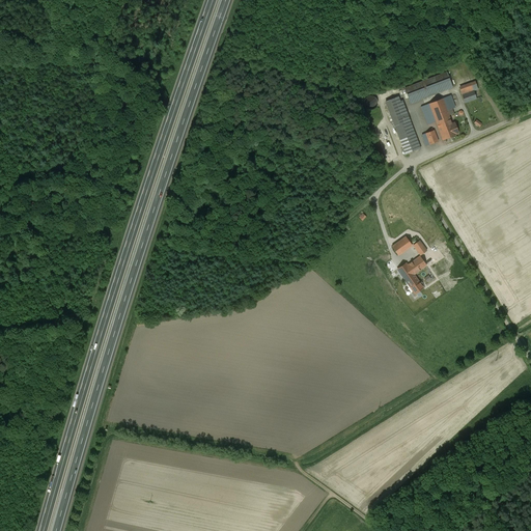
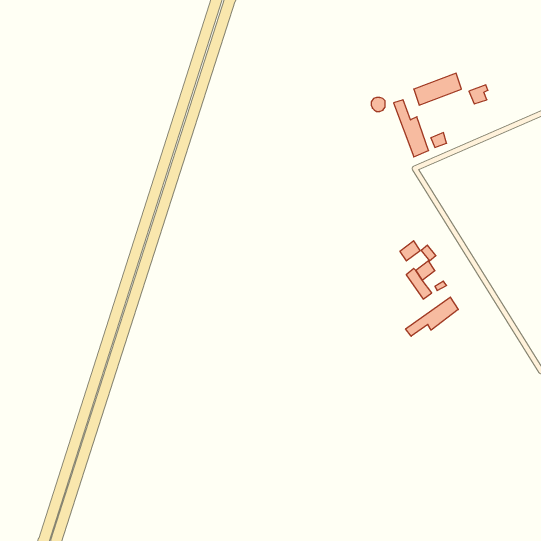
building: [421,94,457,139] -> none
building: none -> [406,297,458,336]

